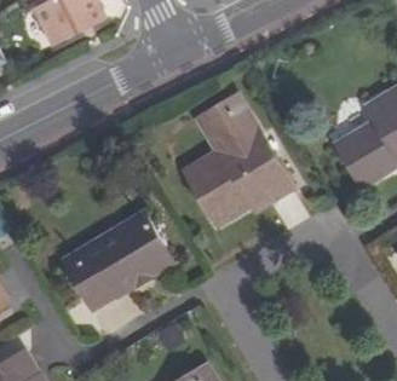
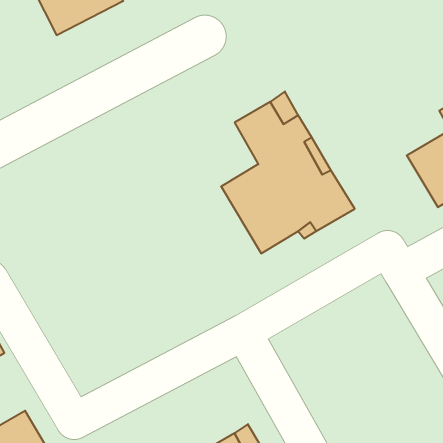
building: [63,213,172,310] -> none

